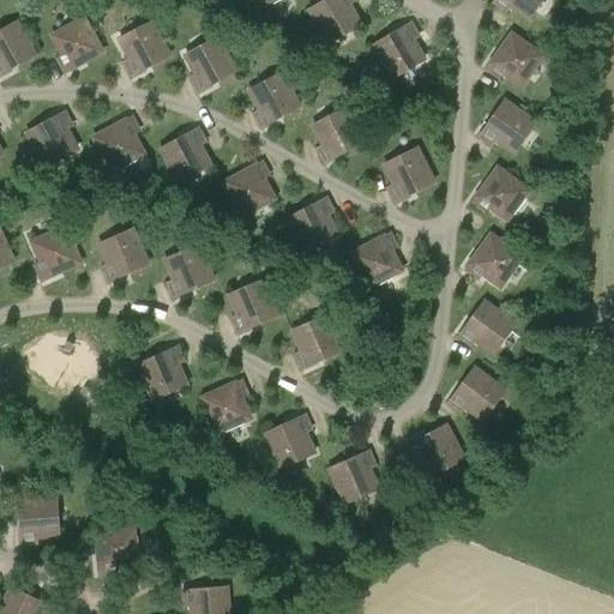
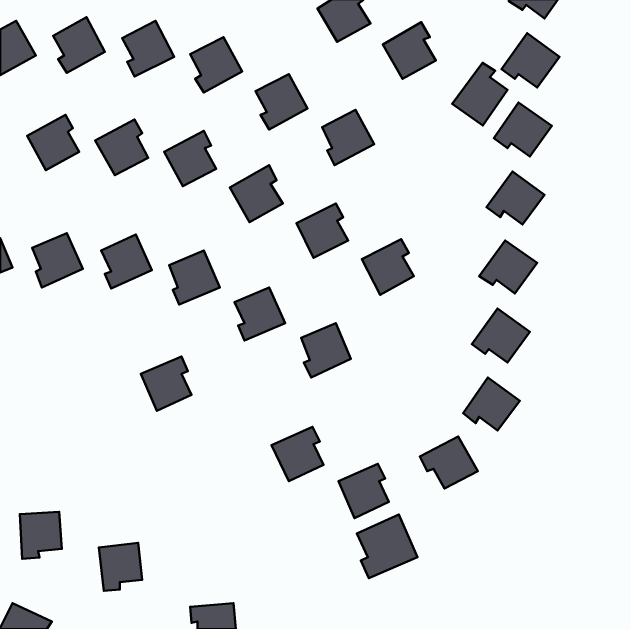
building: none -> [452,63,508,125]
building: [384,146,433,200] -> none
building: [200,380,249,433] -> none
building: none -> [357,515,418,578]

